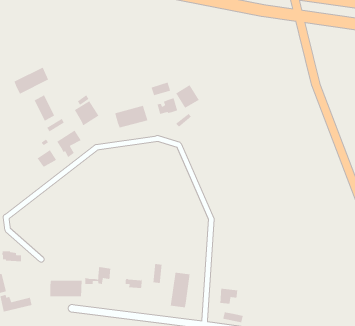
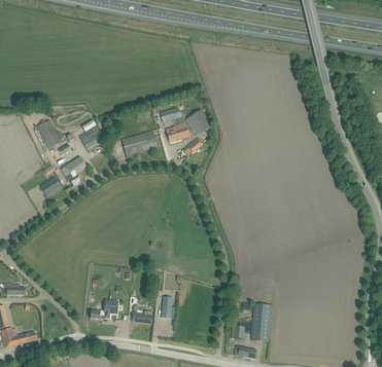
building: [14,66,49,95] -> none
building: [170,272,190,308] -> [251,303,273,341]
building: [49,280,82,297] -> none

